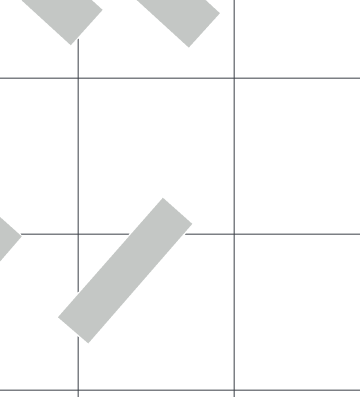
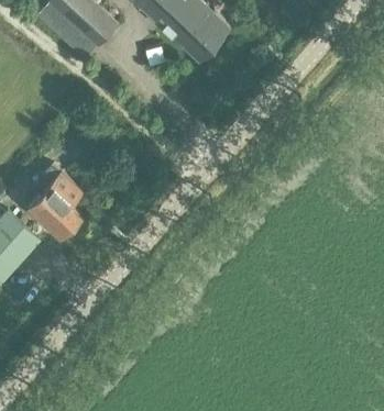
building: none -> [29,174,84,238]
building: [57,197,193,344] -> none

